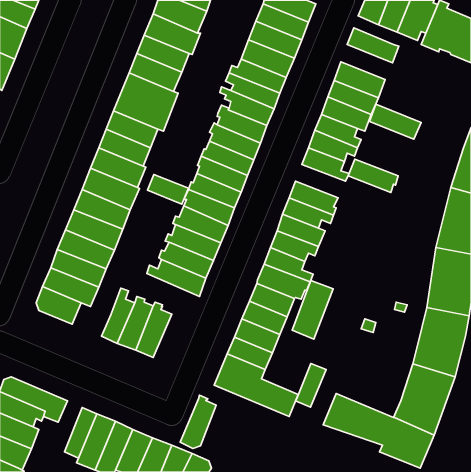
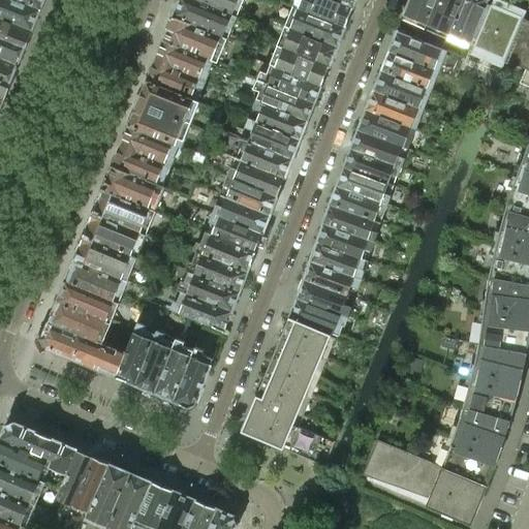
building: [369,104,421,139] -> [381,50,439,89]
building: [348,159,398,192] -> [331,184,386,221]
building: [147,174,188,204] -> none
building: [292,280,333,339] -> none
building: none -> [81,339,124,376]
building: [296,364,326,407] -> none
building: [180,395,216,449] -> [172,347,212,407]
building: none -> [59,448,92,505]

